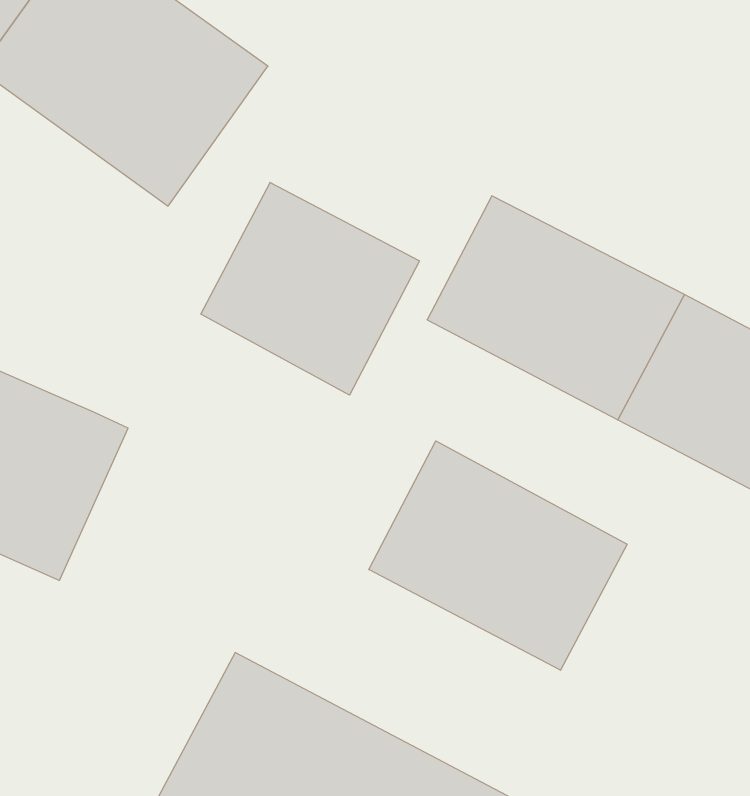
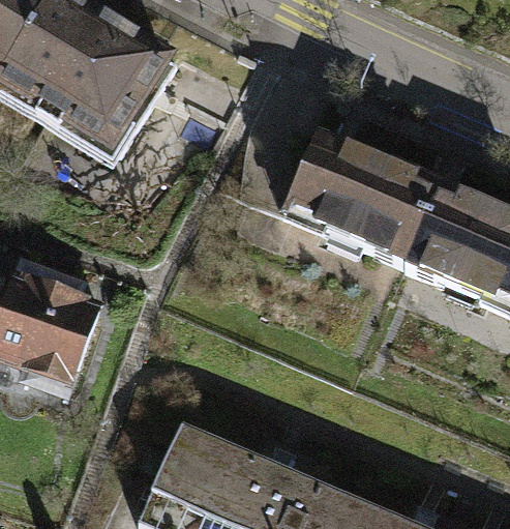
building: [201,182,419,395] -> none
building: [369,441,627,670] -> none

